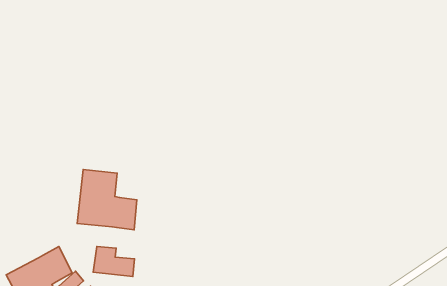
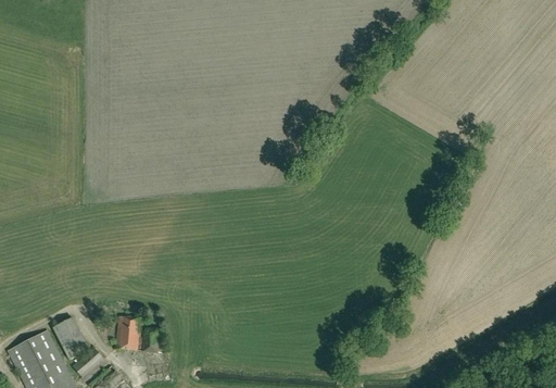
building: [77,169,137,230] -> none

